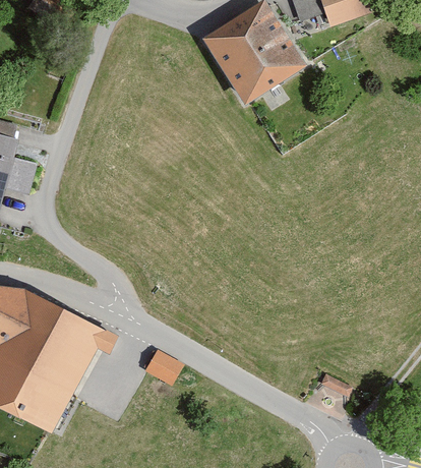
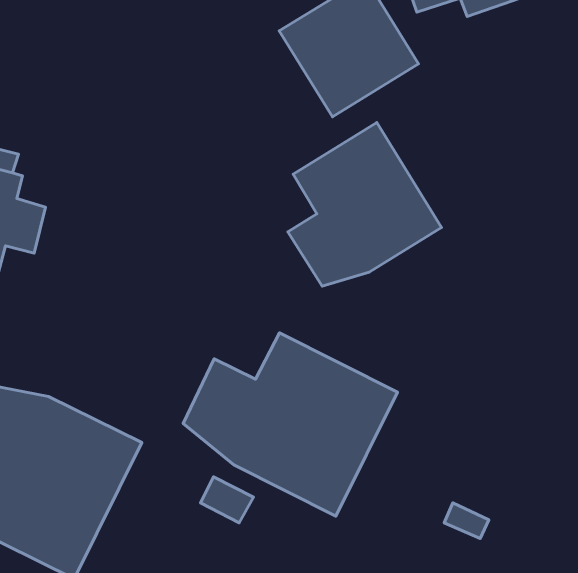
building: none -> [288,123,442,286]
building: none -> [183,333,398,516]

